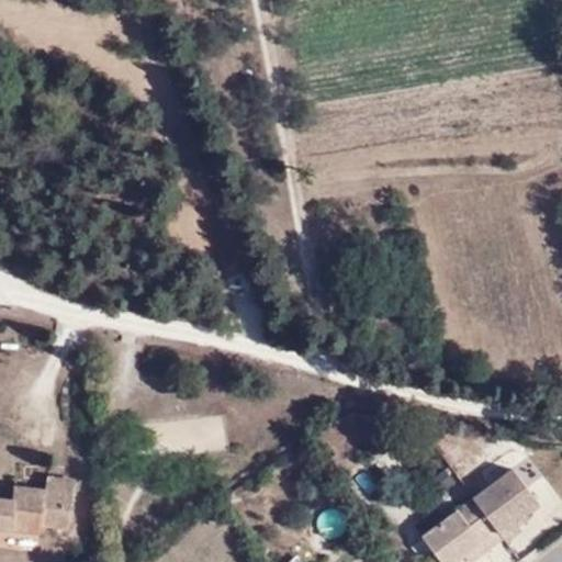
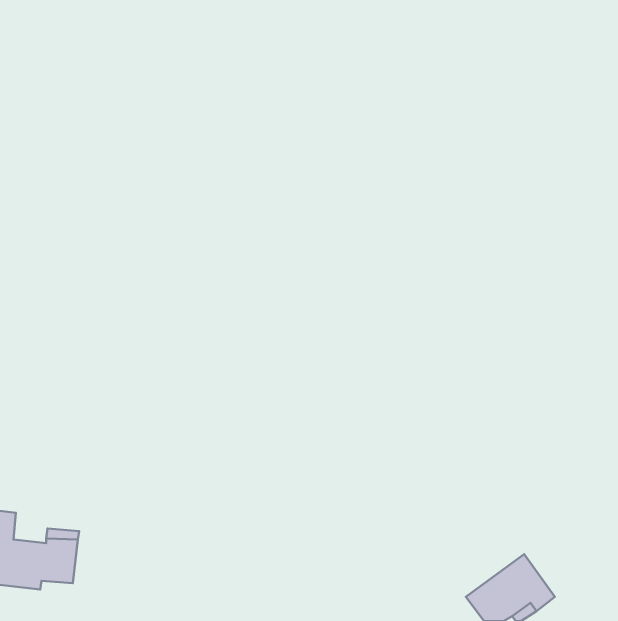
building: [473,472,537,543] -> none

